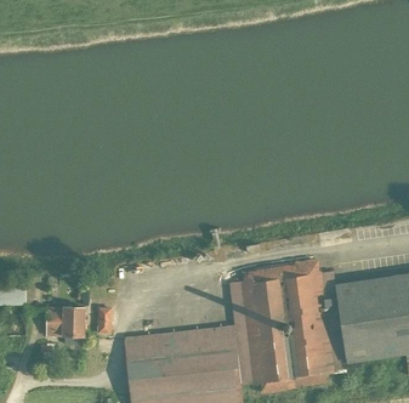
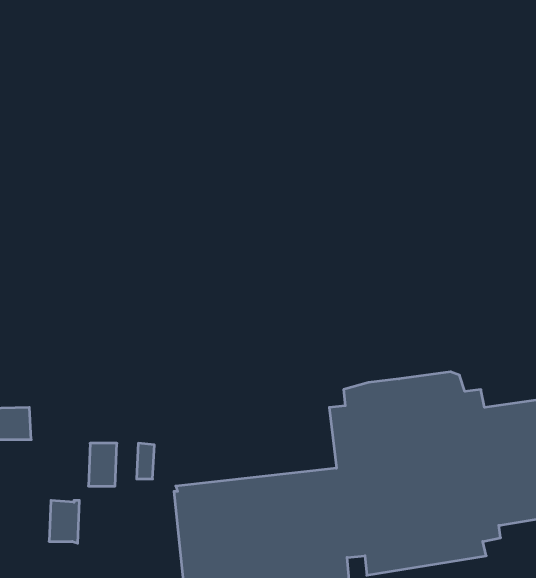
building: [46,308,67,337] -> [49,500,79,543]

